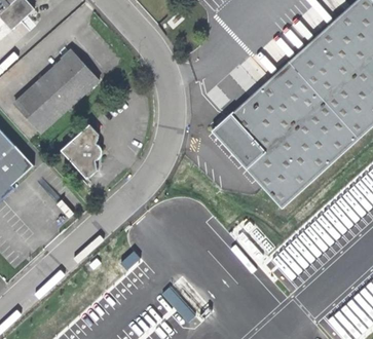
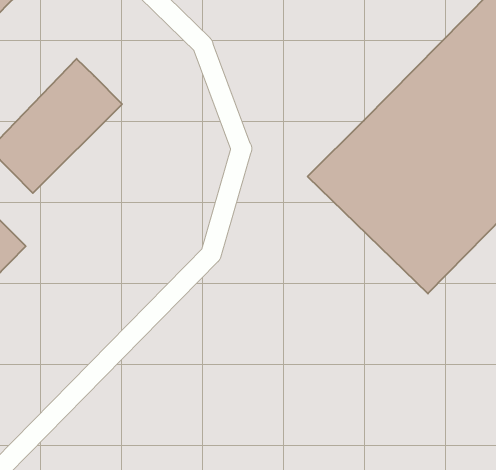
building: [61,124,99,179] -> none

